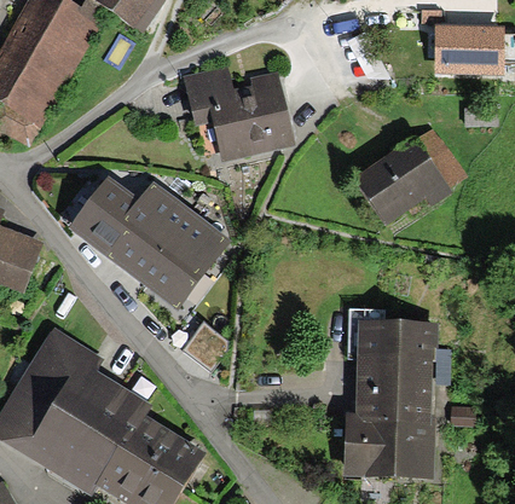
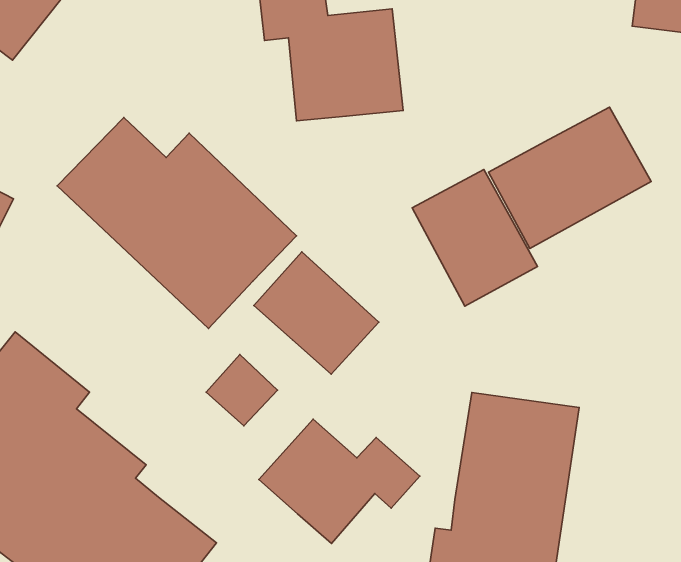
building: none -> [412,170,538,306]
building: none -> [254,252,379,374]
building: none -> [259,419,420,543]

